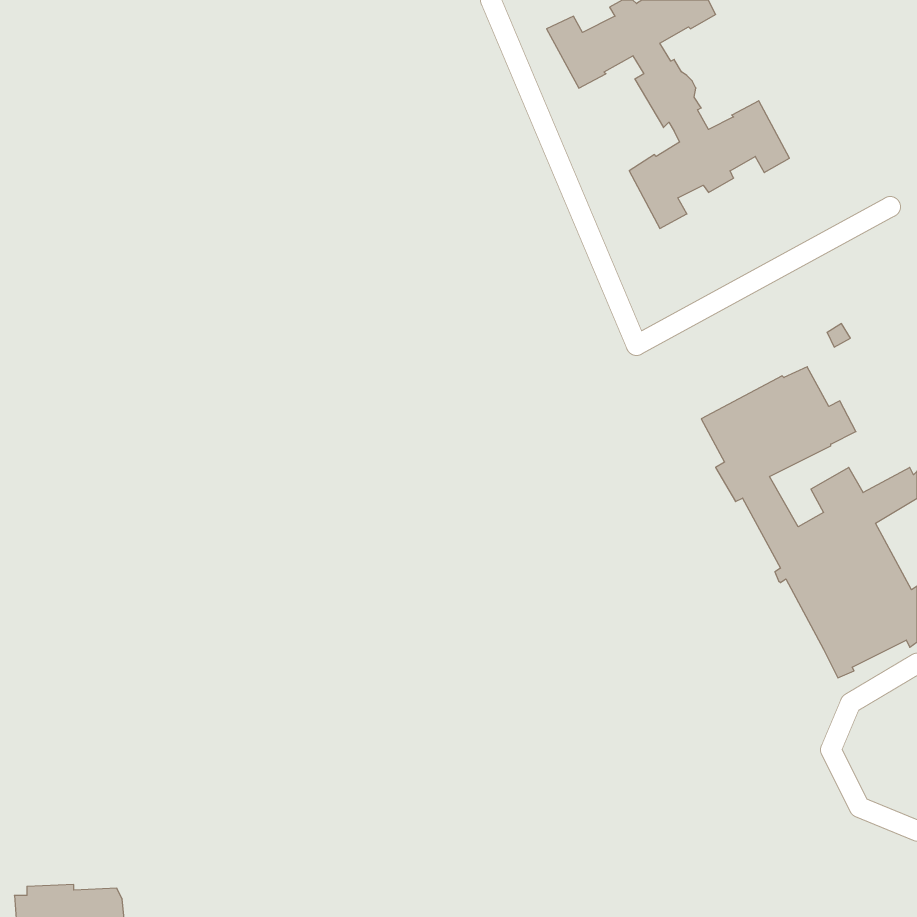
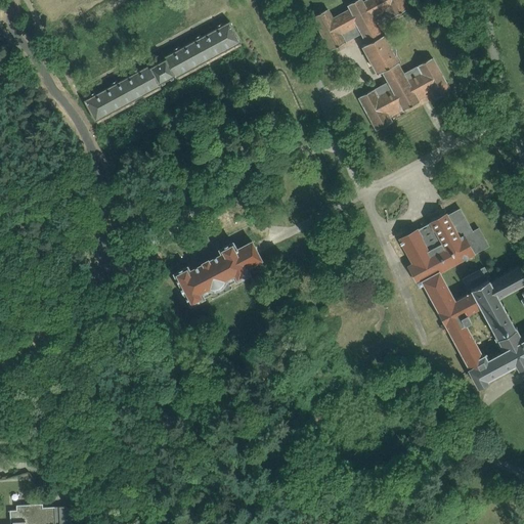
building: none -> [83,23,241,122]
building: none -> [173,242,261,306]

